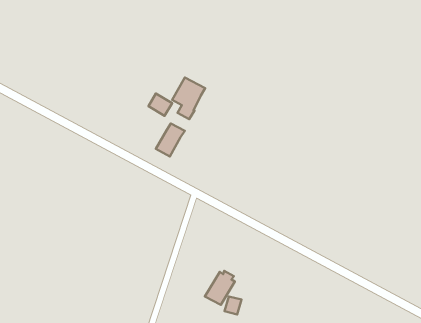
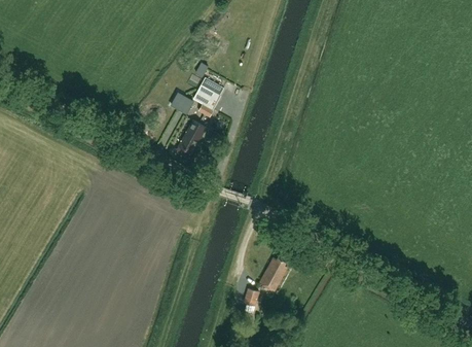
building: [205,271,235,305] -> [258,258,287,291]

